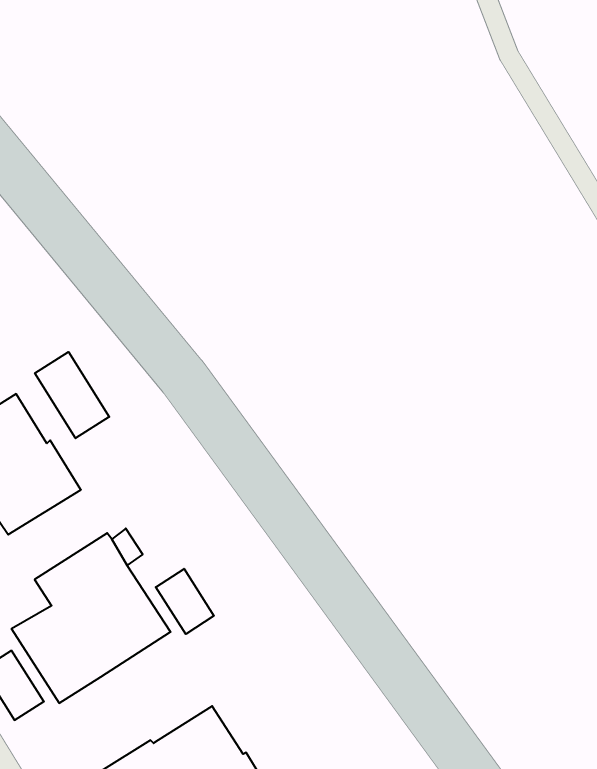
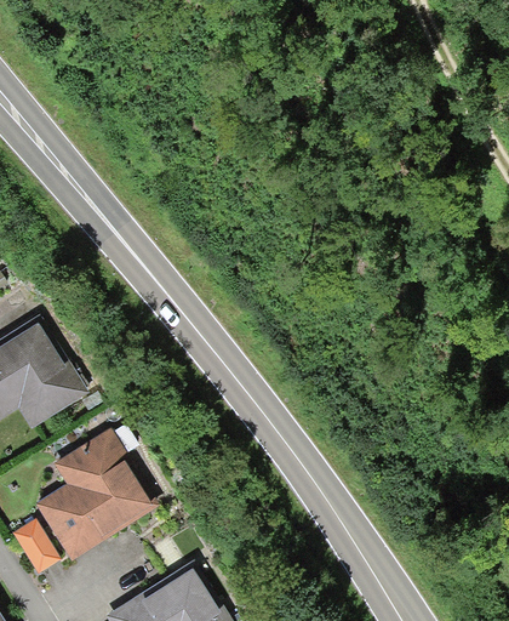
building: [35,352,109,438] -> none
building: [156,569,214,634] -> none

